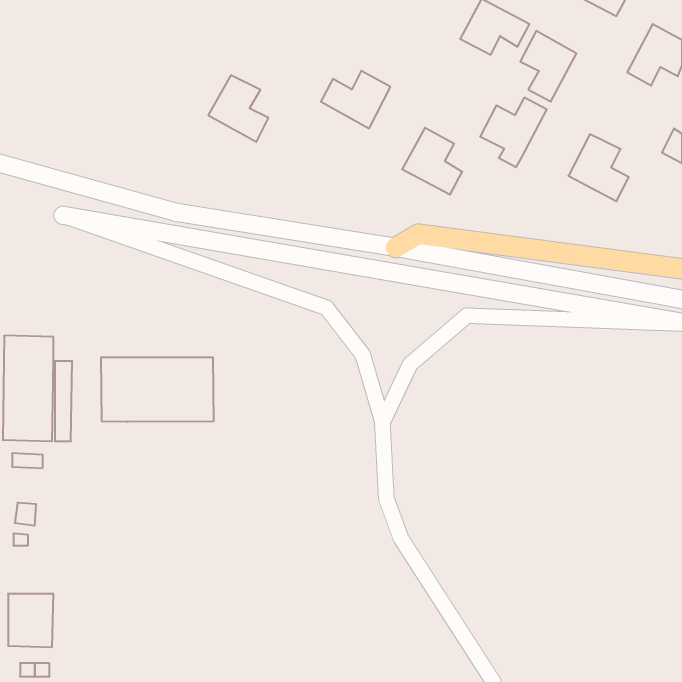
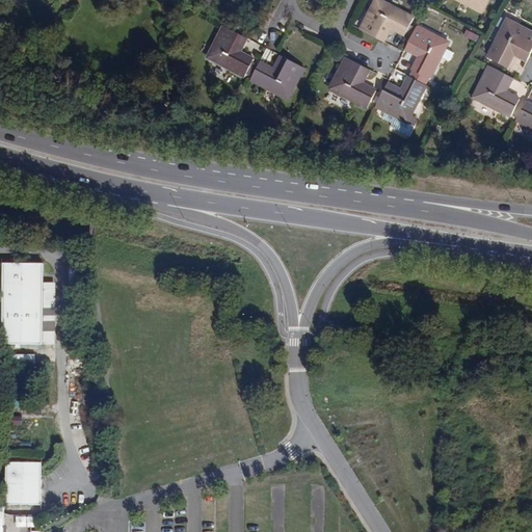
building: [208,75,268,142] -> [206,25,252,77]
building: [402,128,462,195] -> [328,53,375,105]
building: [568,134,629,201] -> [471,64,517,116]
building: [101,357,213,422] -> none

